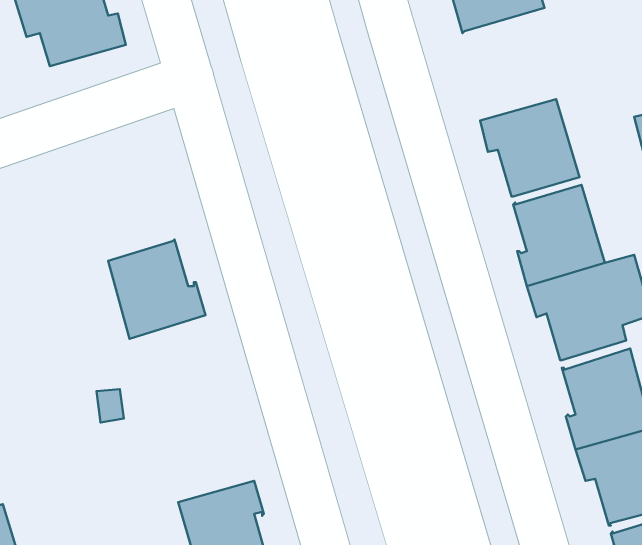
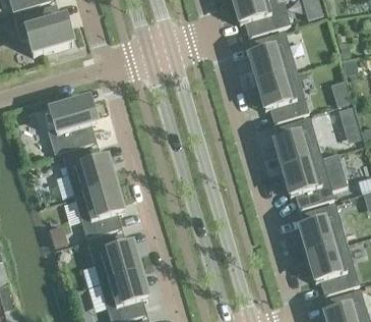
building: none -> [249,32,297,85]
building: none -> [48,101,97,155]
building: none -> [74,186,122,239]
building: none -> [87,233,139,284]

